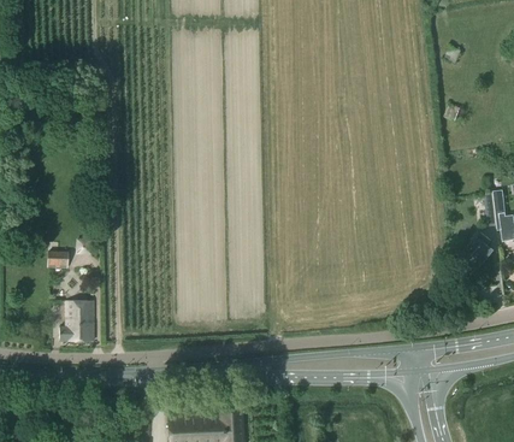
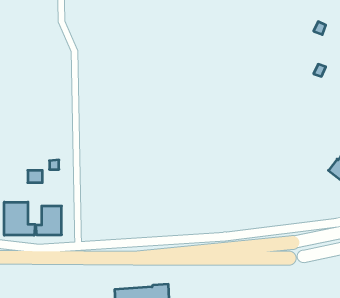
building: none -> [4,202,35,235]

